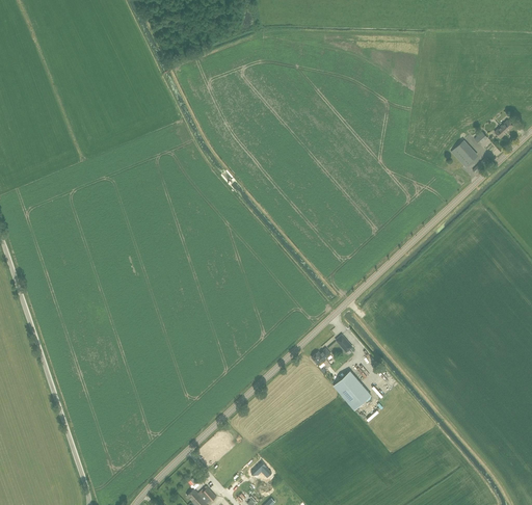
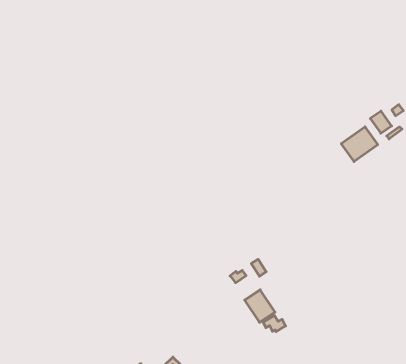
building: none -> [341,127,378,162]

